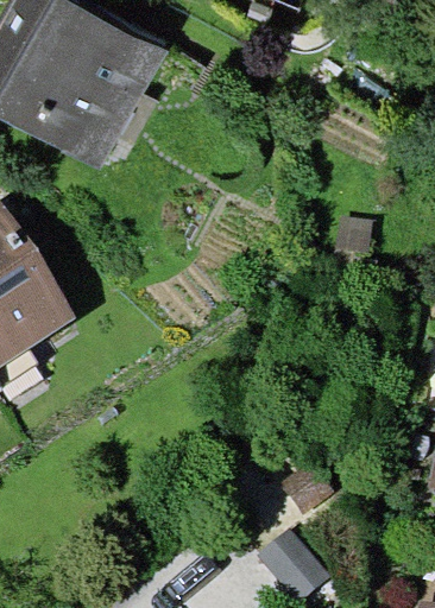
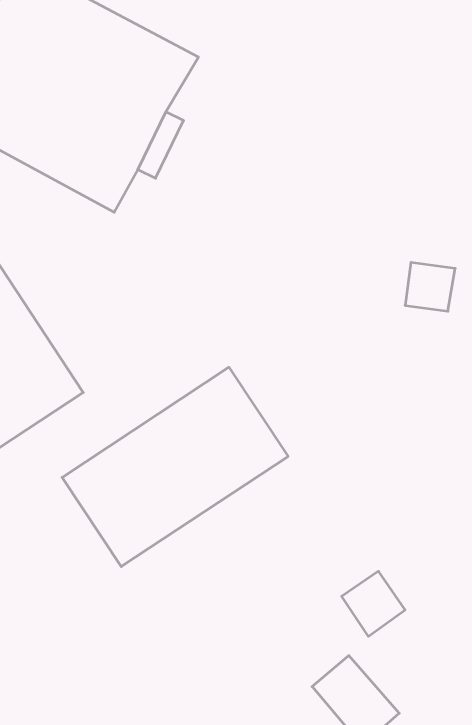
building: none -> [62,367,288,567]

